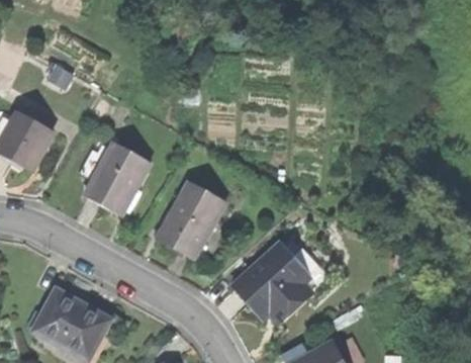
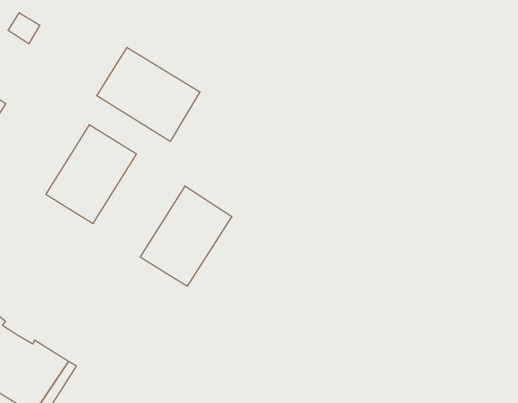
building: none -> [97,47,200,141]
building: [231,234,327,322] -> none

